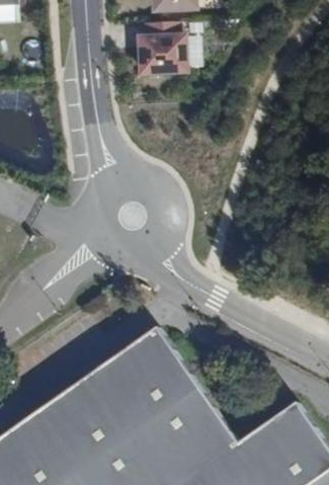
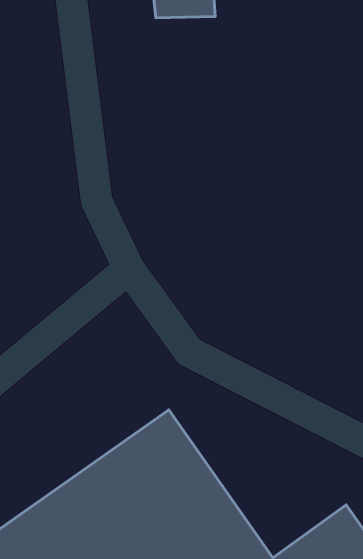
building: [131,22,184,80] -> none

